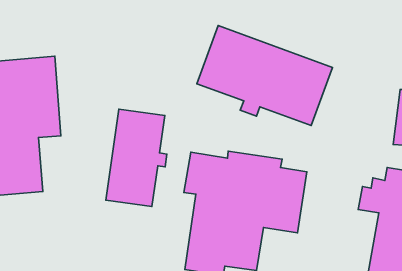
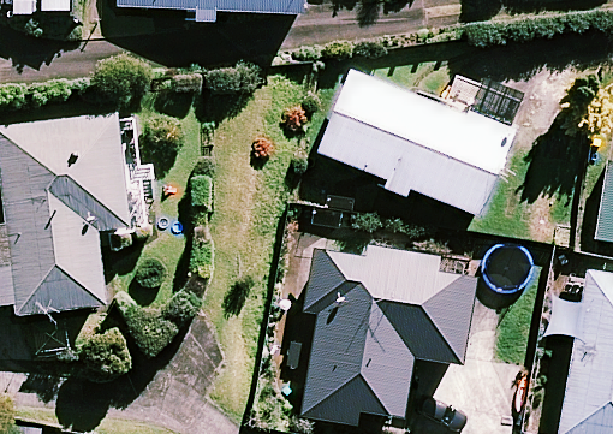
building: [106,109,167,207] -> none

